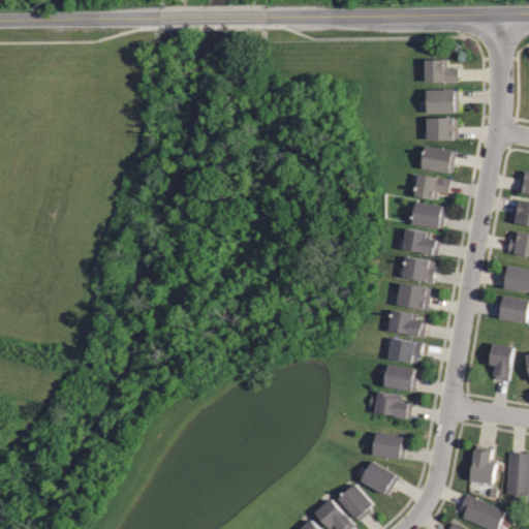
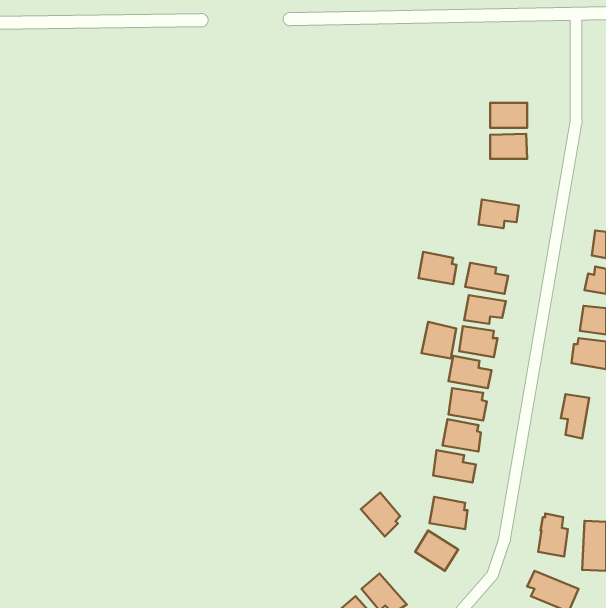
building: [423,61,457,83] -> none
building: [422,147,456,174] -> none
building: [412,201,445,229] -> [418,252,457,284]
building: none -> [422,322,456,359]
building: [337,484,371,522] -> [361,492,400,537]

